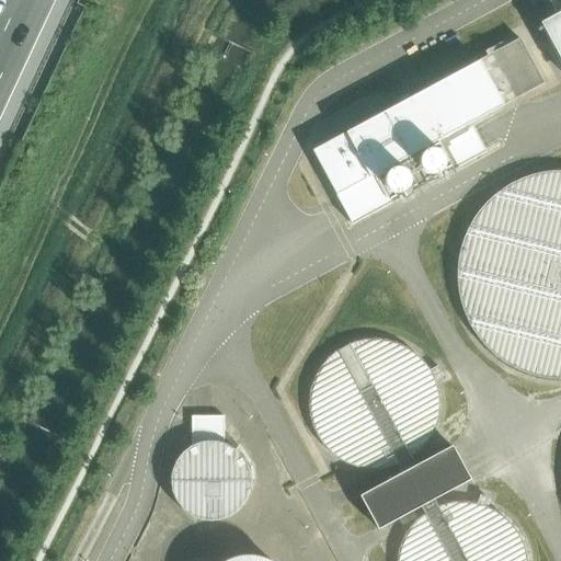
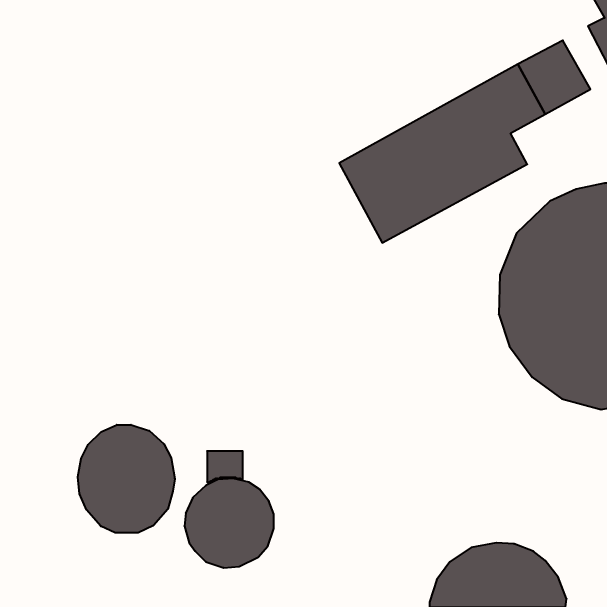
building: [310,335,435,461] -> none
building: none -> [78,425,175,533]
building: [360,444,471,528] -> none

